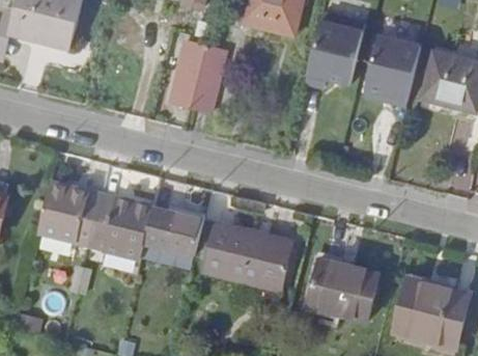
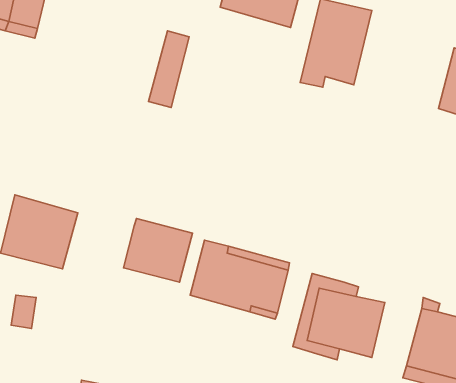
building: [363,35,422,107] -> none
building: [192,45,228,110] -> none
building: [97,197,160,261] -> none

